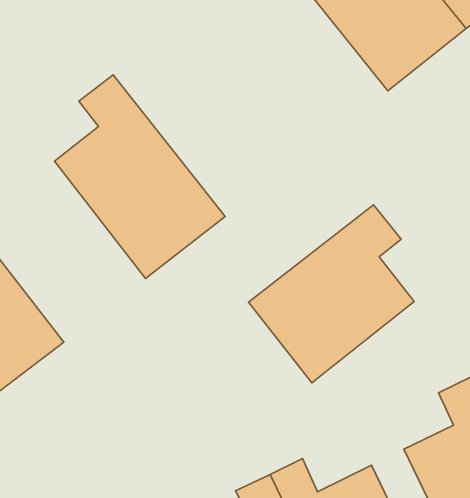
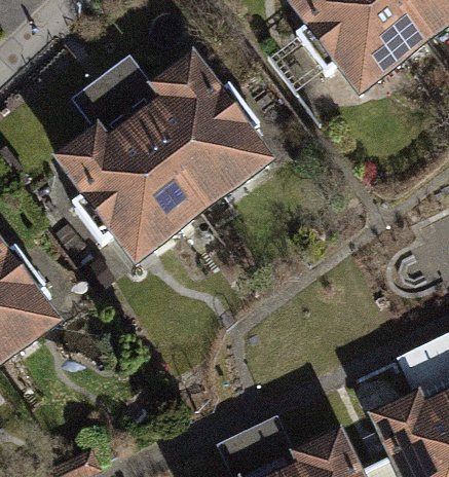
building: none -> [110,45,280,205]
building: [248,205,414,383] -> none

